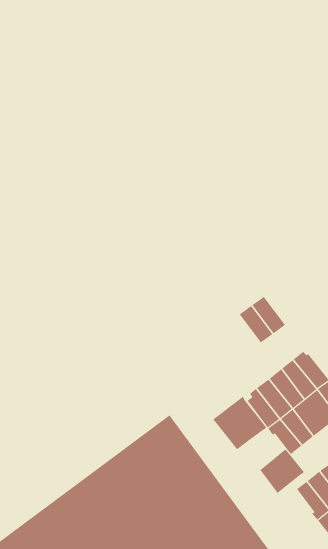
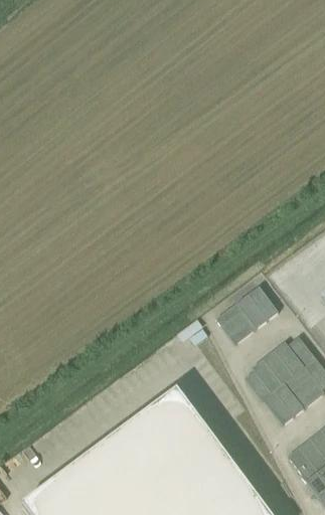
building: none -> [216,302,258,344]
building: [212,396,267,450] -> none
building: [259,448,305,494] -> none

